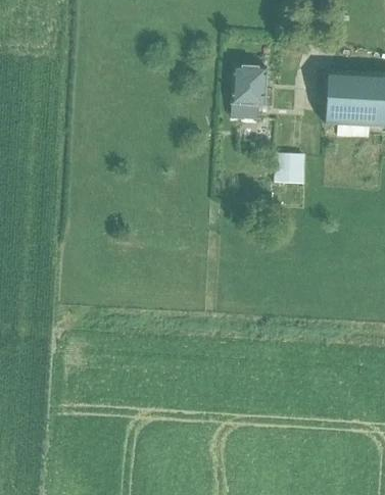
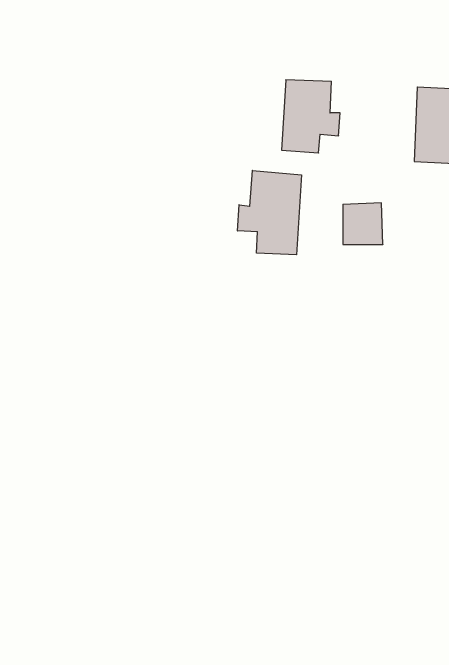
building: none -> [238,170,301,255]

